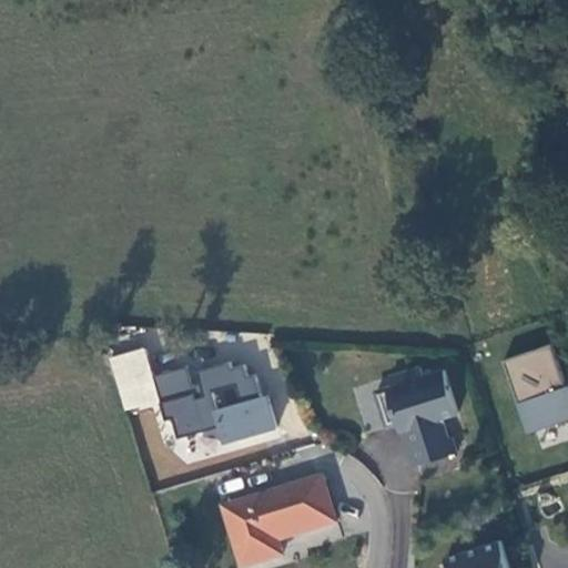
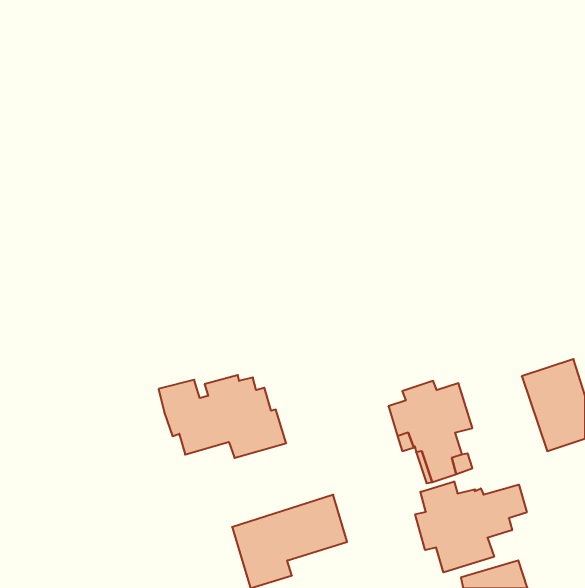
building: [111,348,159,408] -> none
building: none -> [415,481,527,572]

